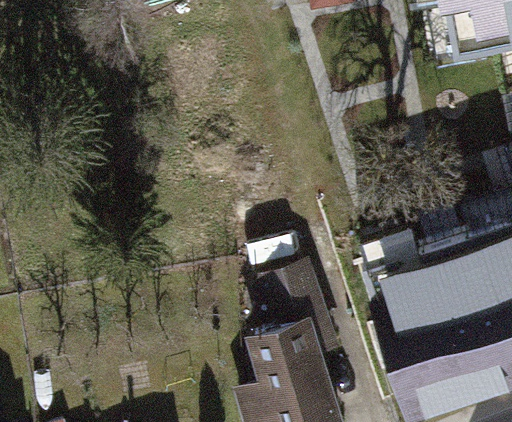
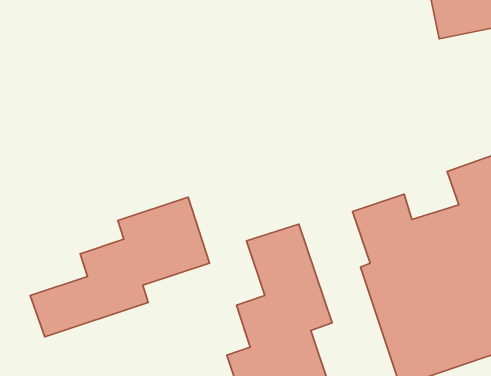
building: none -> [30,197,209,337]

